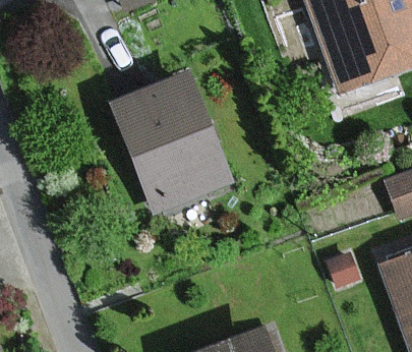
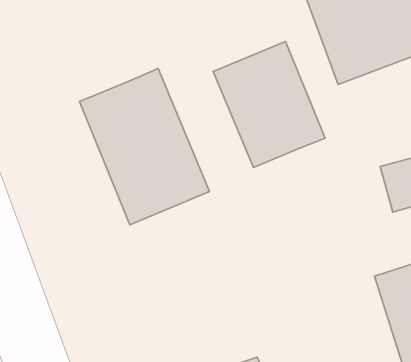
building: none -> [213,42,325,167]

